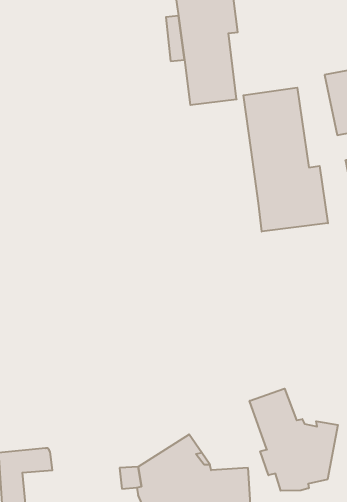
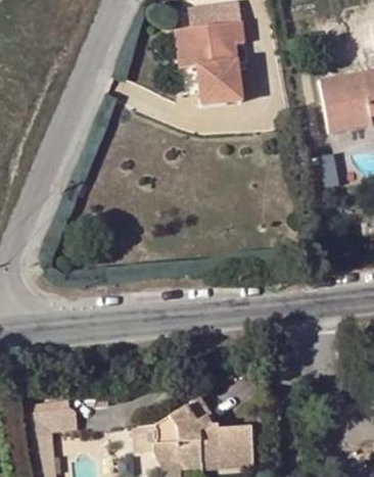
building: [243,88,328,232] -> none
building: [250,389,338,491] -> none

